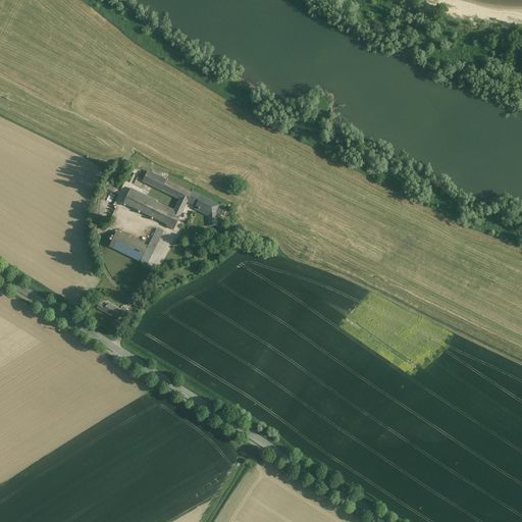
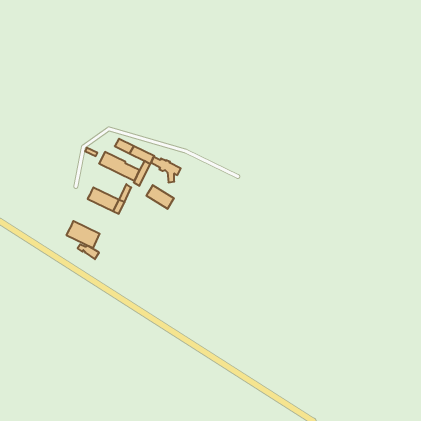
building: none -> [146,185,174,209]
building: none -> [67,221,100,248]

